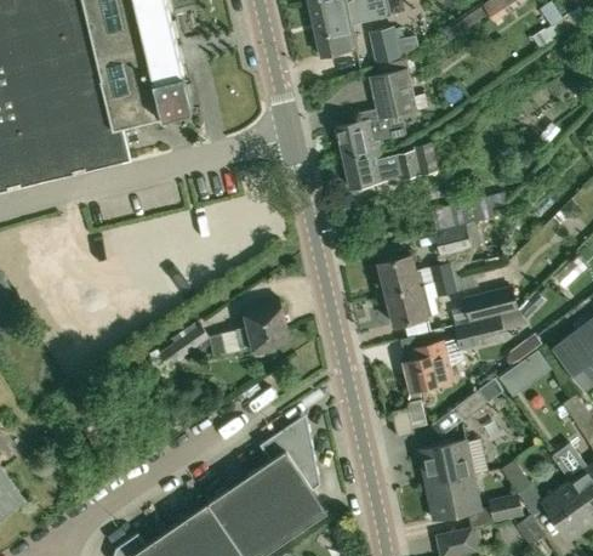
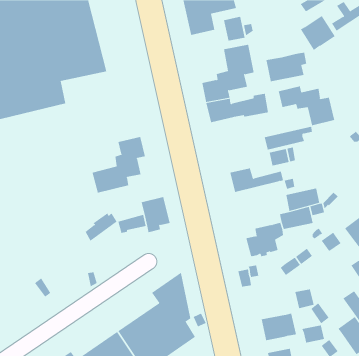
building: none -> [300,15,335,51]
building: none -> [266,52,307,82]
building: none -> [278,86,335,126]
building: none -> [92,136,146,193]
building: [386,277,457,324] -> none
building: [418,441,473,486] -> none

